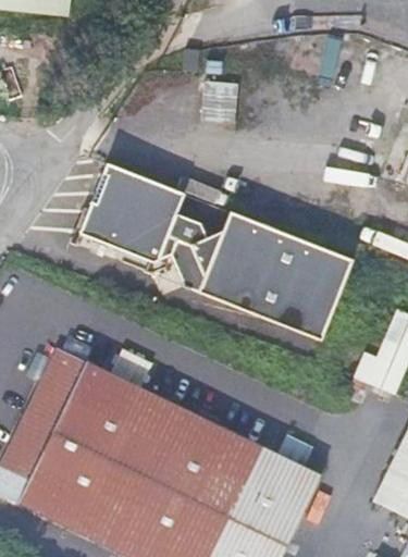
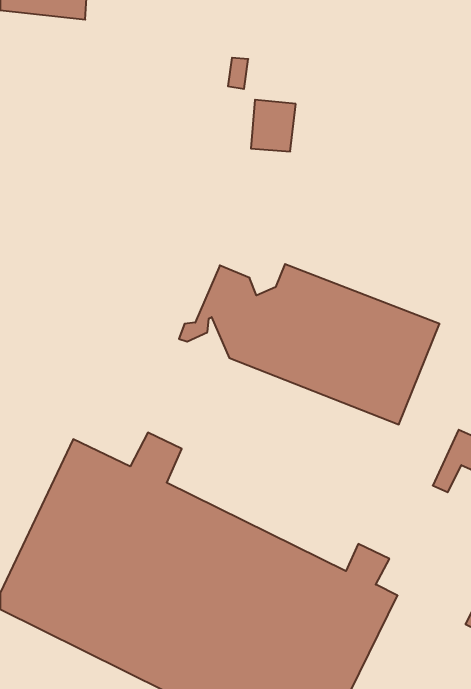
building: [78,164,184,260] -> none

